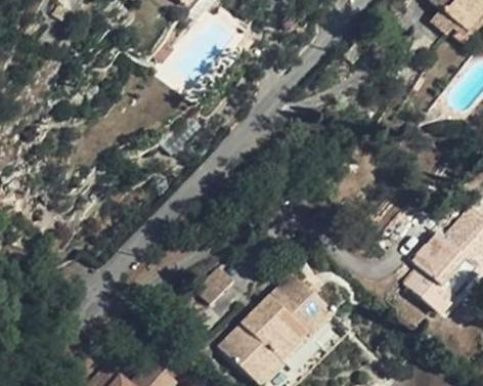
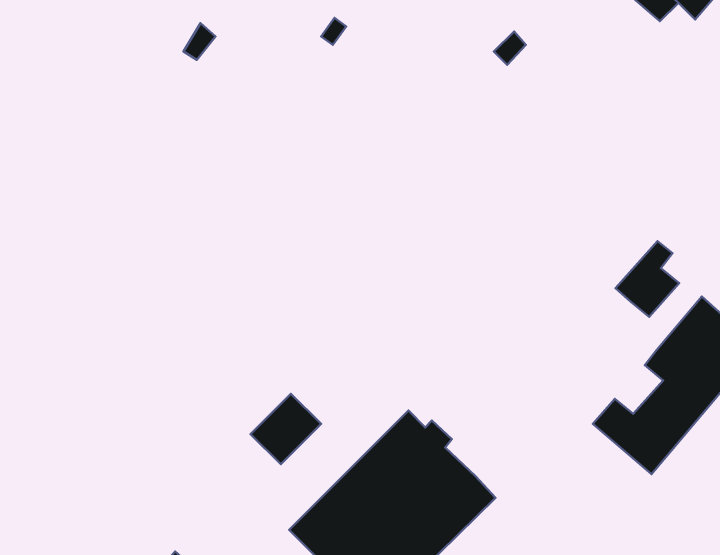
building: [407,228,446,274] -> [616,241,679,317]

